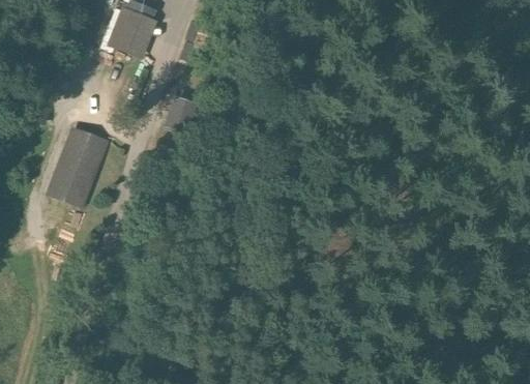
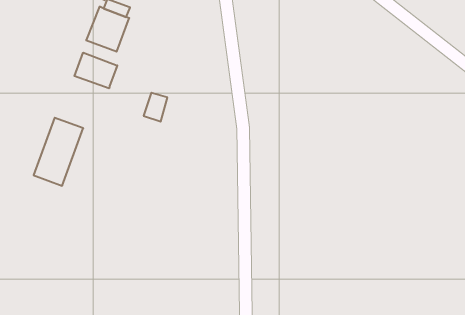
building: none -> [74,53,117,88]

